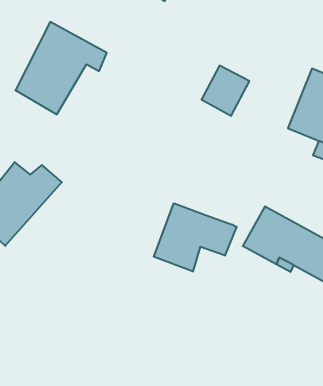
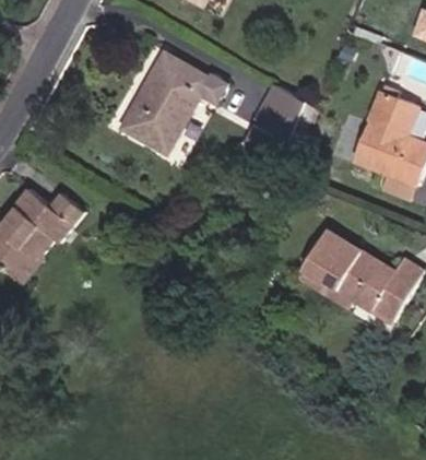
building: [15,22,107,114] -> [123,47,227,152]
building: [154,203,237,272] -> none

